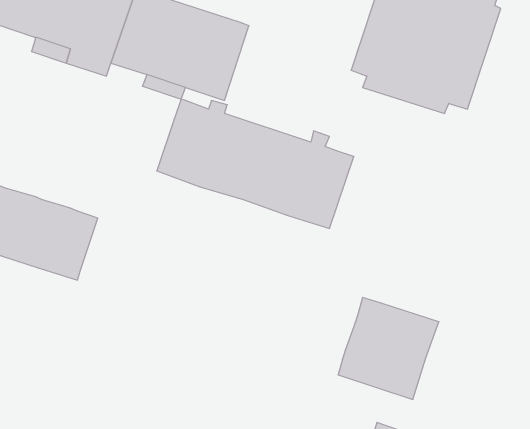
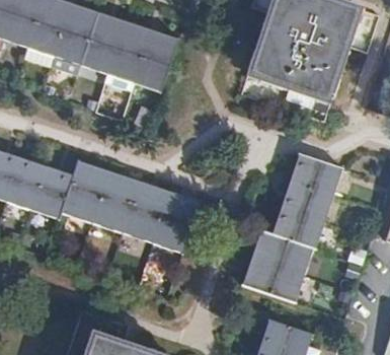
building: [157,99,354,228] -> [61,160,200,252]
building: none -> [272,154,341,248]

